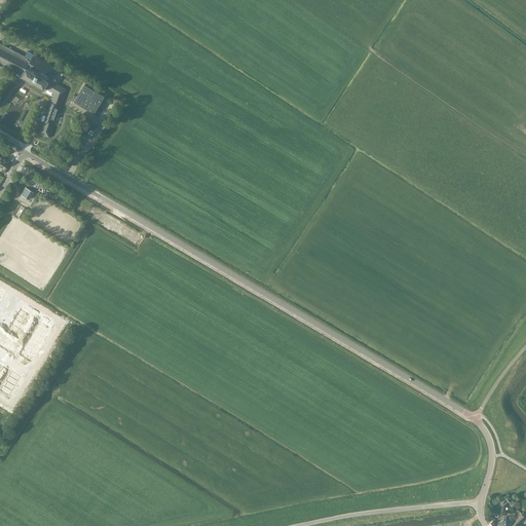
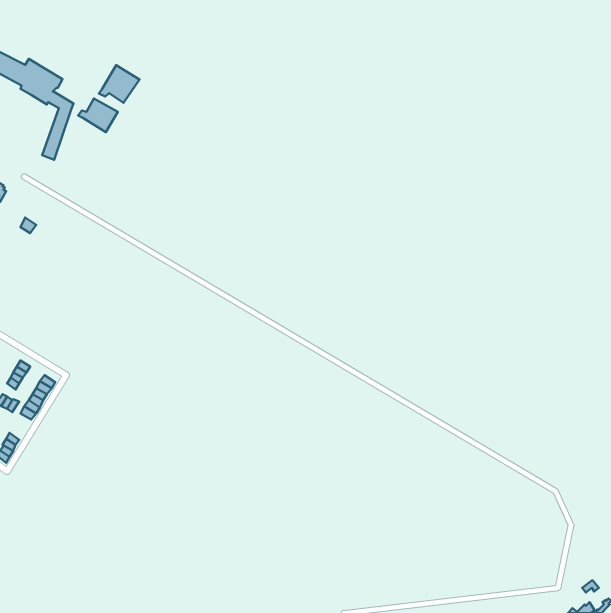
building: none -> [99,65,139,103]

